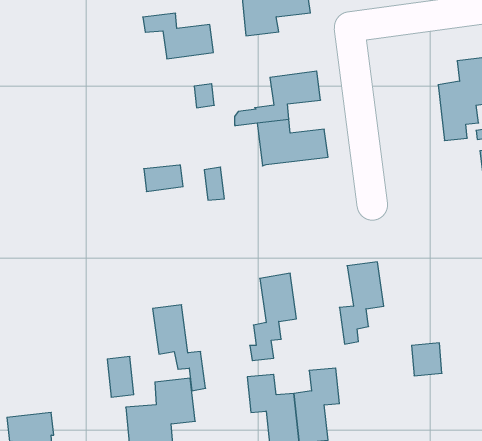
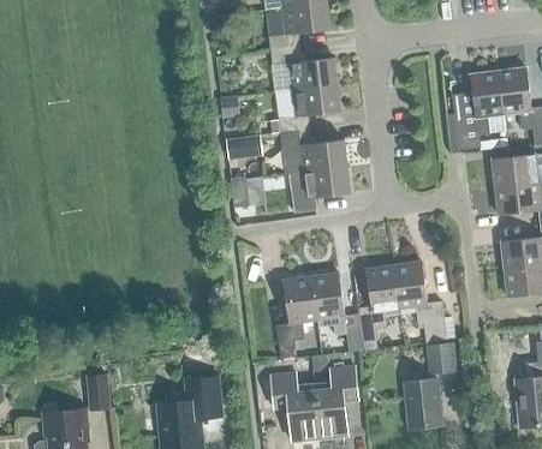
building: [143,13,213,59] -> [269,46,336,89]
building: none -> [288,164,350,211]
building: [144,165,183,192] -> [225,134,262,160]
building: none -> [394,259,447,341]
building: [153,305,206,391] -> [311,271,362,353]
building: [107,357,134,397] -> [85,372,111,411]
building: none -> [404,376,442,427]

